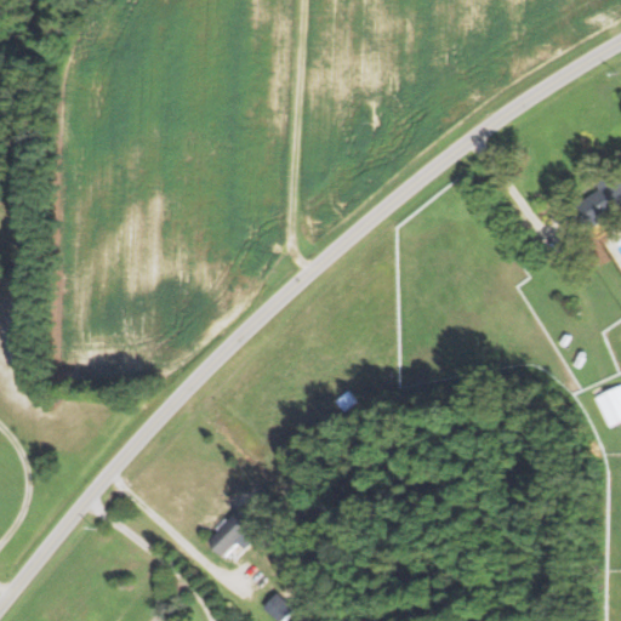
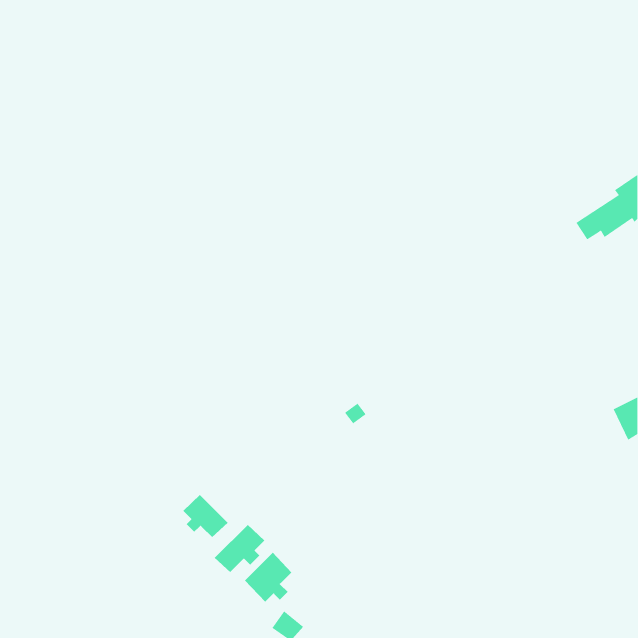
building: none -> [182,494,228,538]
building: none -> [244,552,292,602]

